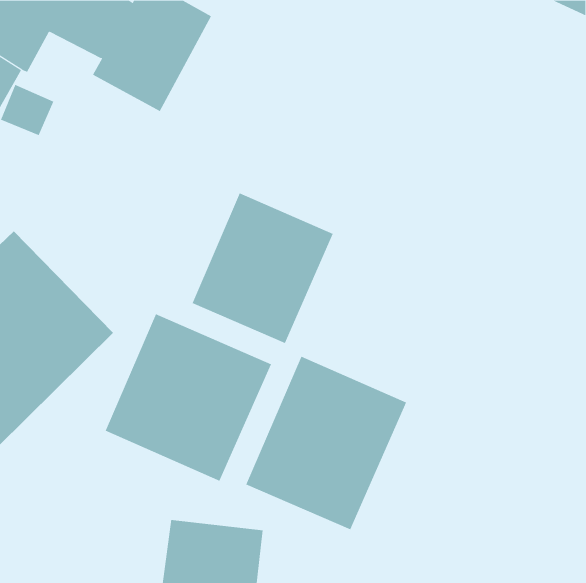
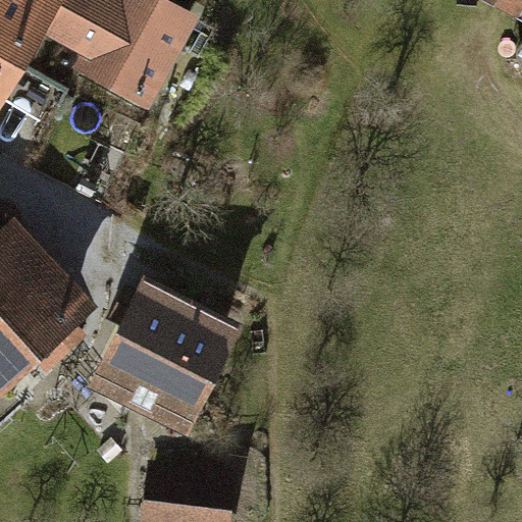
building: [192,193,334,344] -> none
building: [245,356,407,530] -> none

